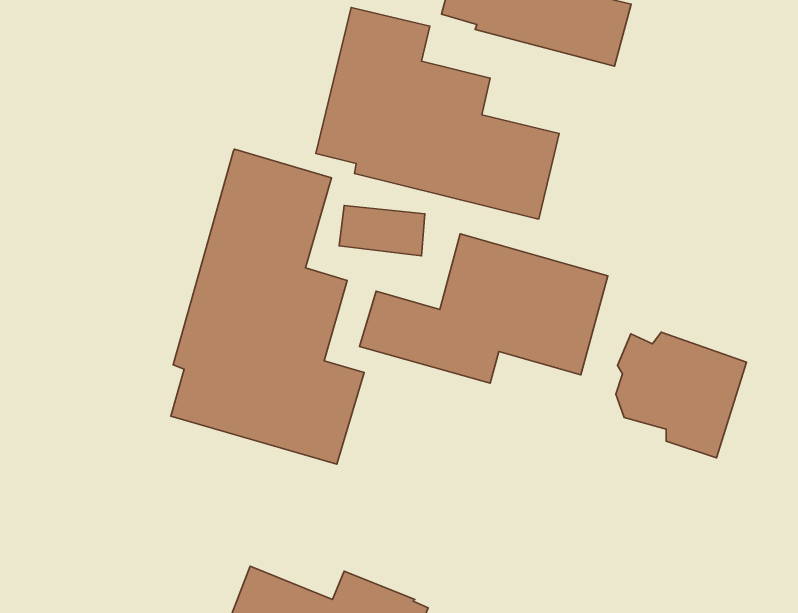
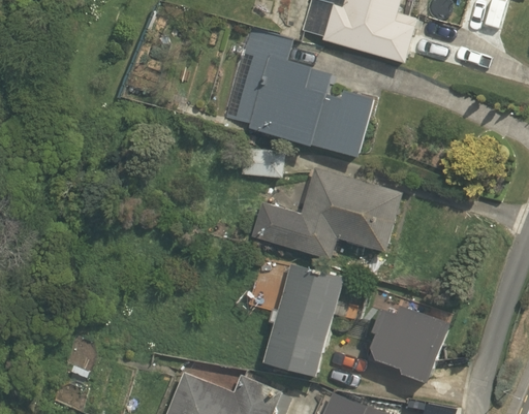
building: [171,149,364,464] -> none
building: [616,332,747,458] -> [374,308,455,385]
building: none -> [262,263,343,376]

